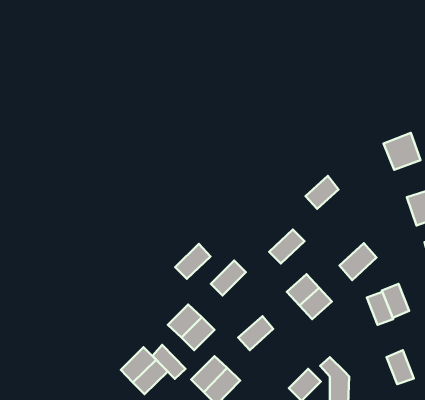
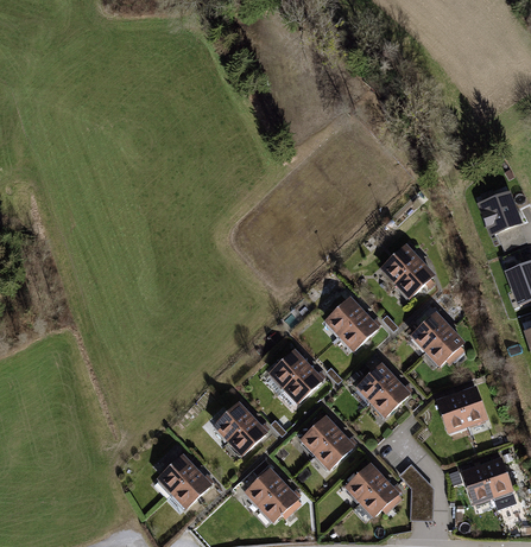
building: none -> [394,260,434,298]
building: none -> [323,294,365,336]
building: none -> [405,309,451,352]
building: [175,244,210,279] -> [279,361,322,403]
building: [382,284,409,318] -> [435,392,468,433]
building: none -> [312,430,355,471]
building: [153,345,185,379] -> none
building: none -> [344,463,384,502]
building: none -> [459,464,492,505]

